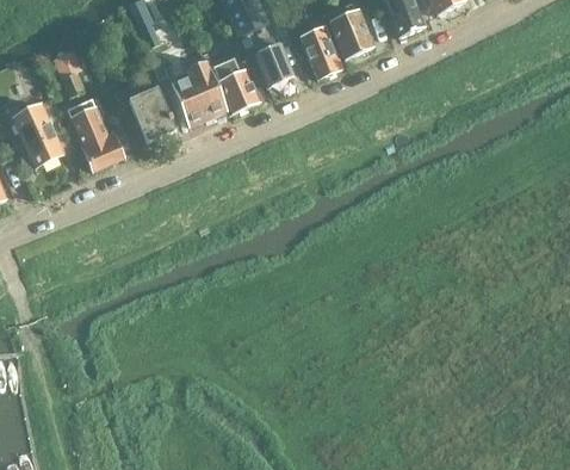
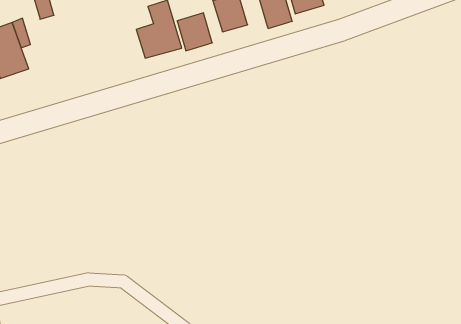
building: [130,87,175,141] -> none
building: [72,97,124,169] -> none

